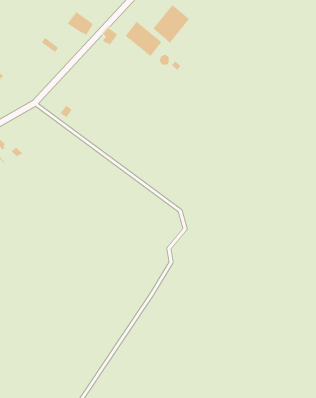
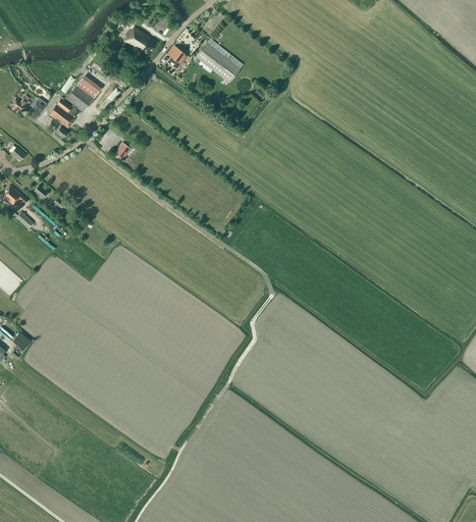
building: [152,4,190,43] -> none
building: none -> [48,77,99,138]

